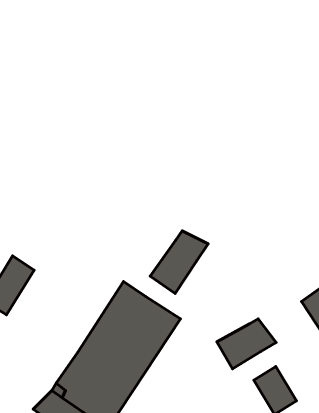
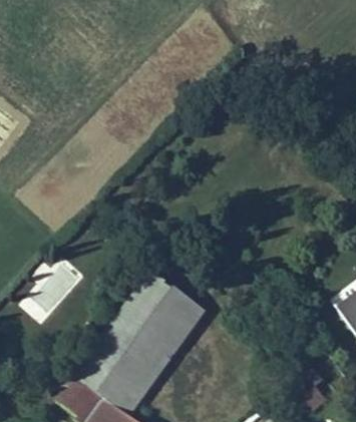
building: [150,231,208,294] -> none
building: [217,319,276,369] -> none

